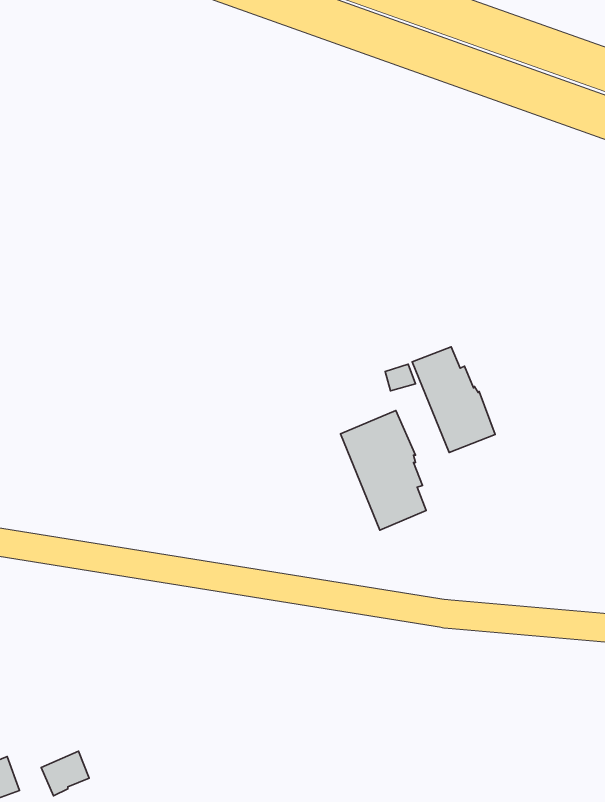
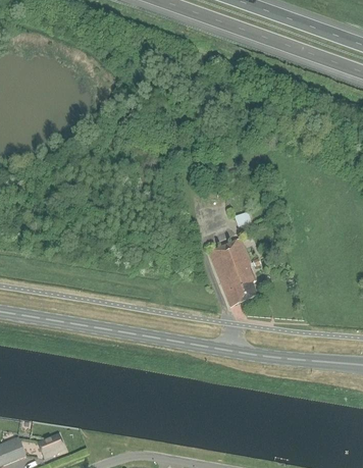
building: [412,347,495,453] -> none

